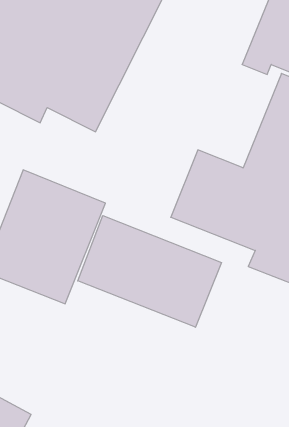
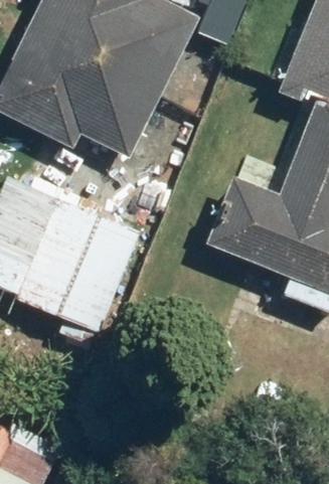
building: [78,216,222,327] -> none

